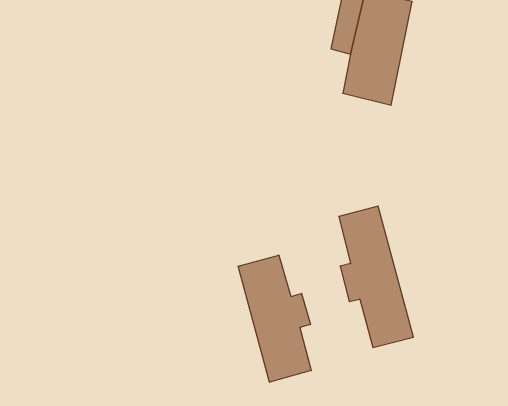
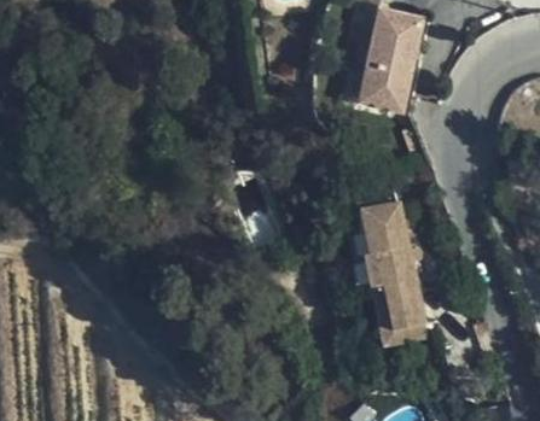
building: [238,255,311,382] -> none

